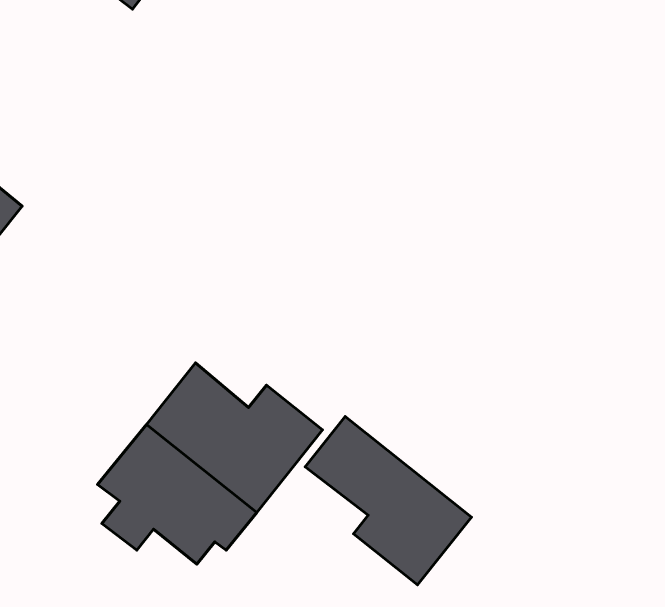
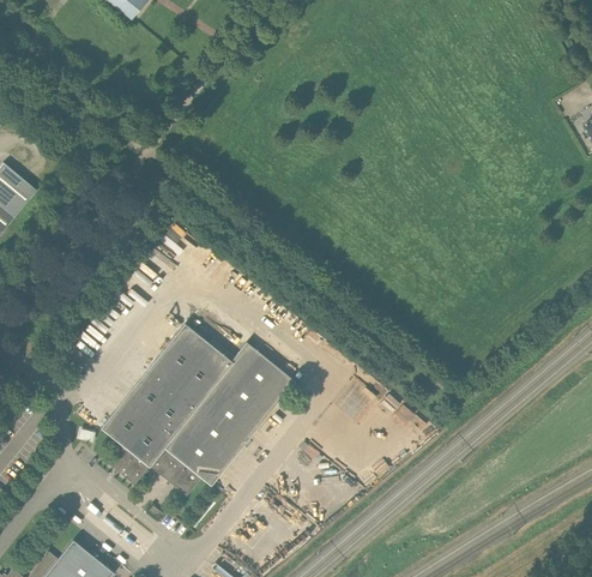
building: [305,417,471,585] -> none

